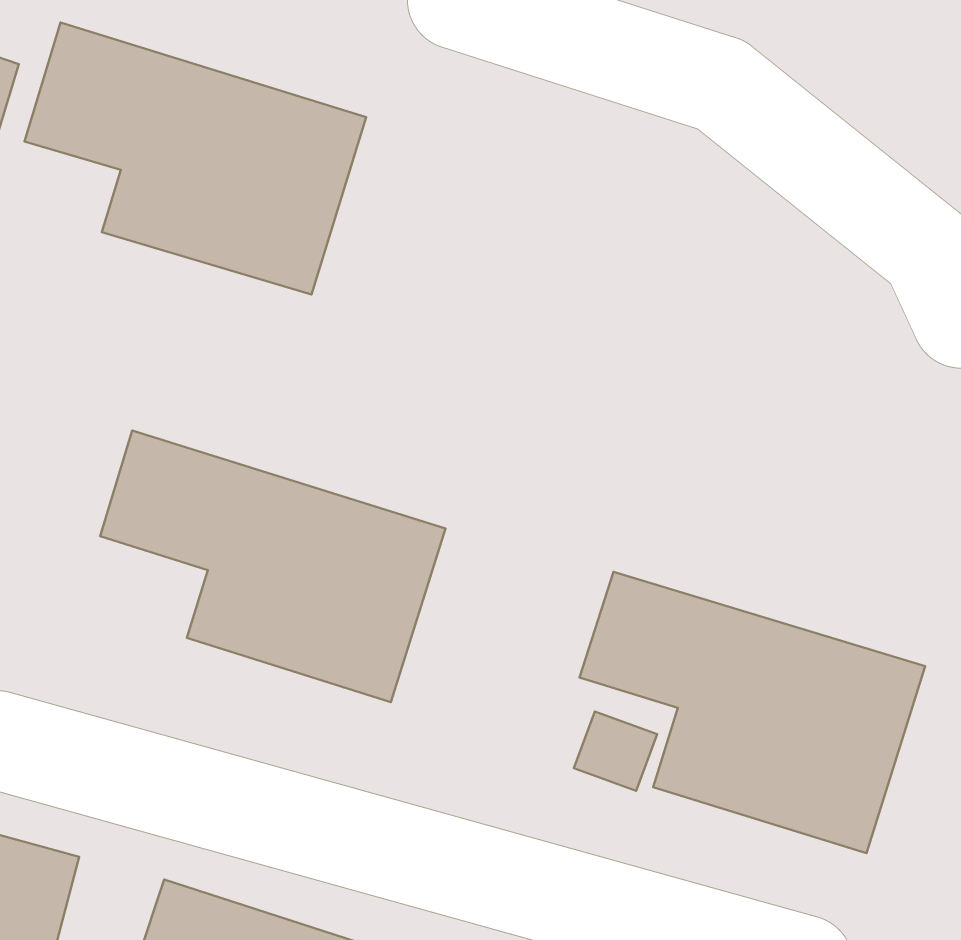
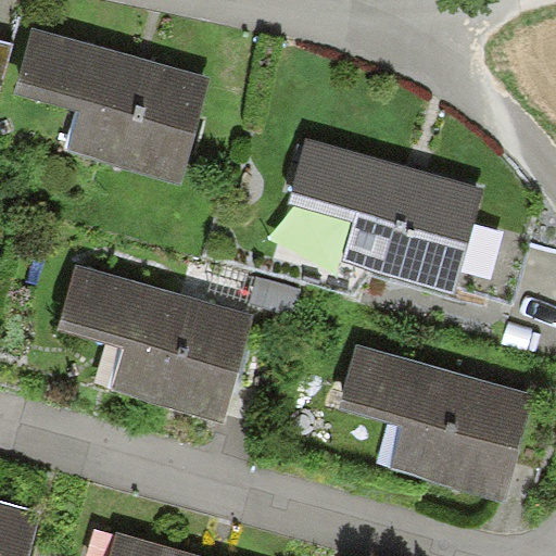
building: none -> [291,138,489,294]

